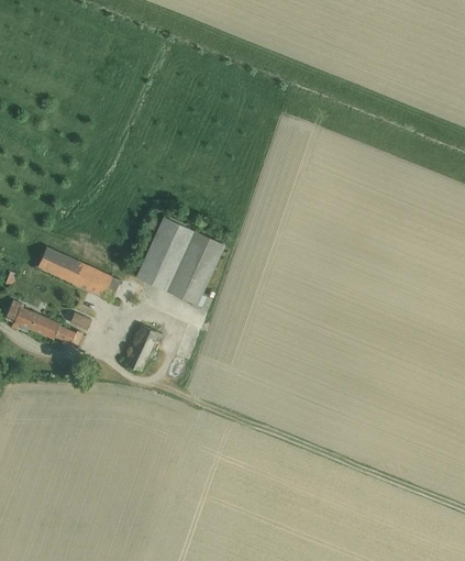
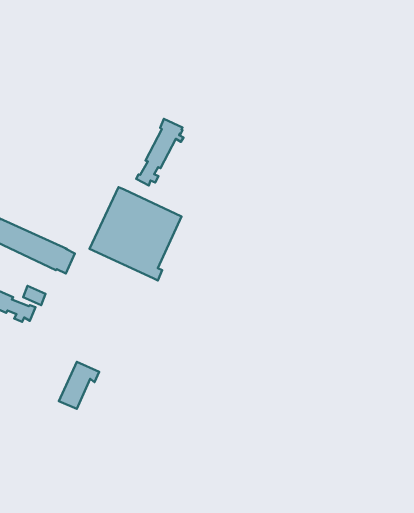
building: none -> [136,119,184,186]
building: [123,325,163,371] -> [59,362,99,409]

